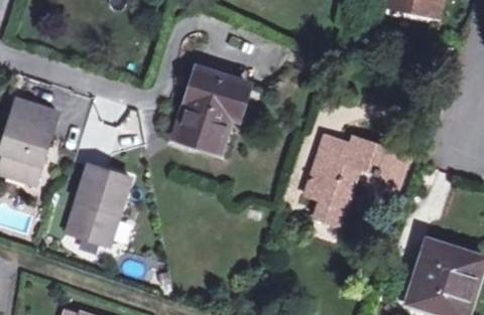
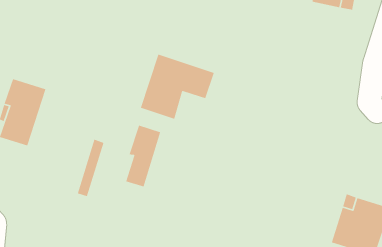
building: [297,130,401,220] -> none
building: [73,165,117,243] -> [125,125,161,187]

